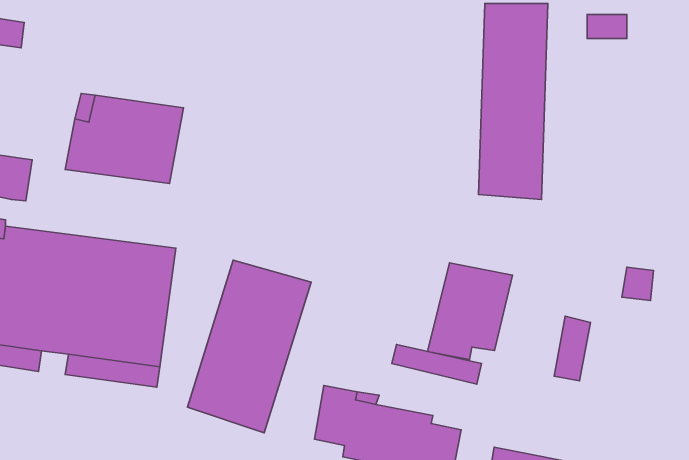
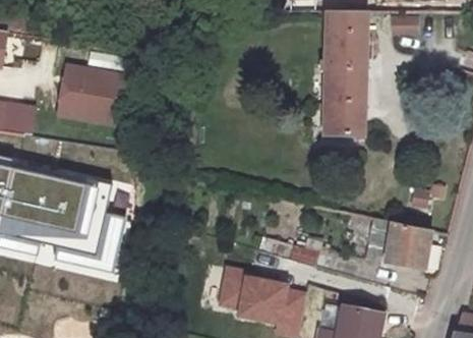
building: [188,260,311,433] -> none
building: [428,263,513,360] -> none
building: none -> [392,223,435,268]

